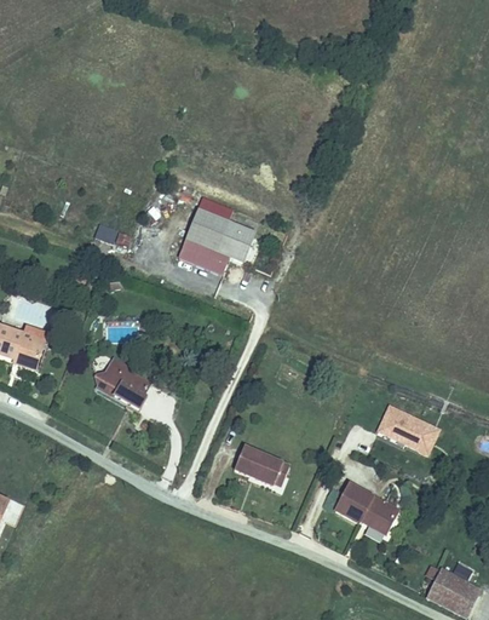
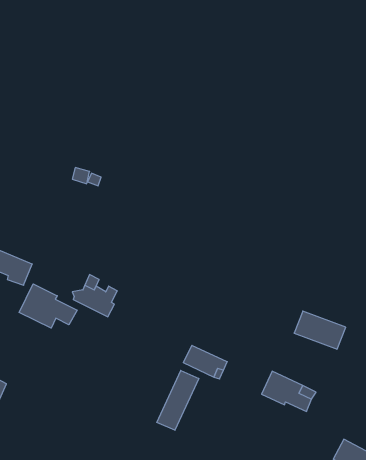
building: [178,195,255,274] -> none
building: none -> [19,284,77,328]
building: none -> [157,370,199,430]

